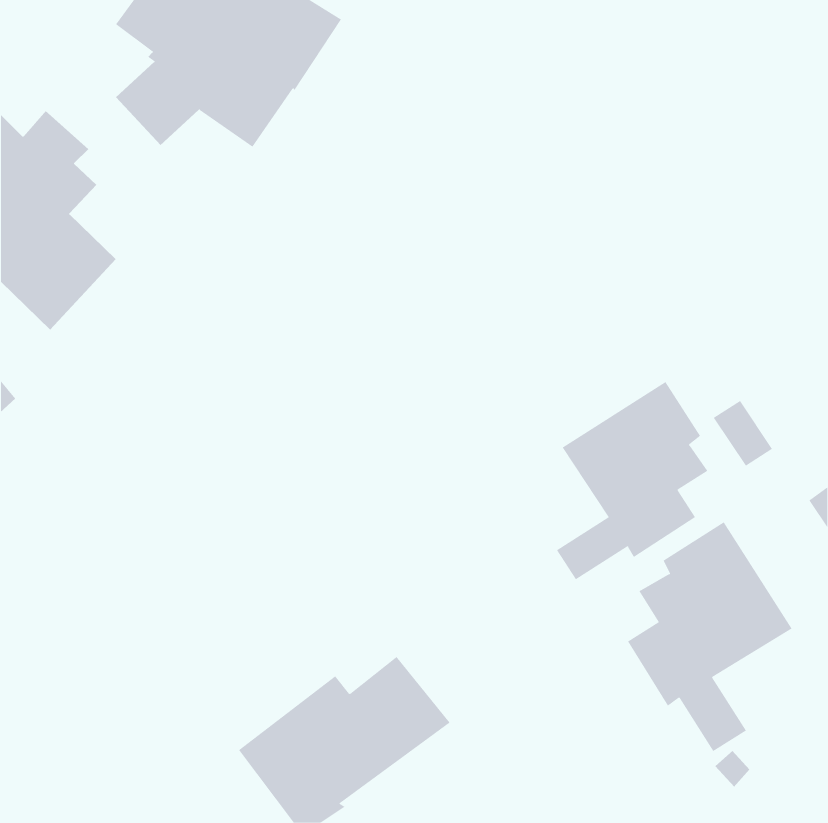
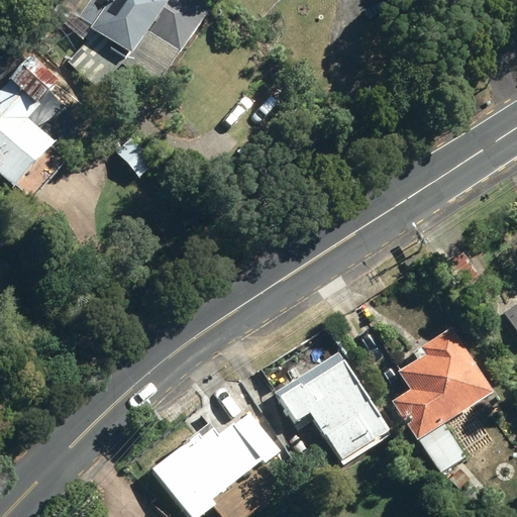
building: [556,381,708,580] -> none
building: none -> [275,349,389,459]

